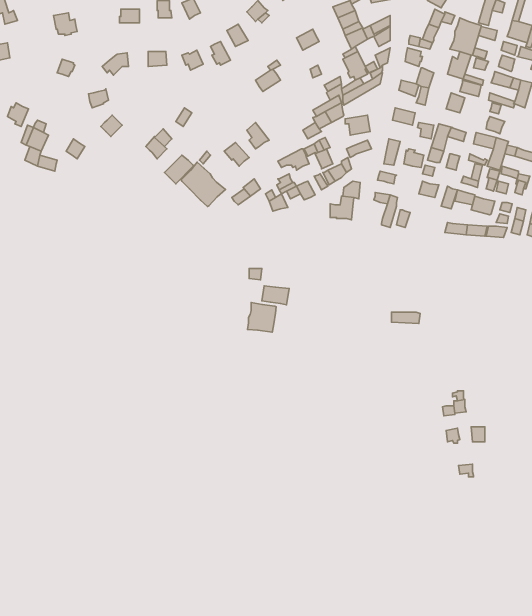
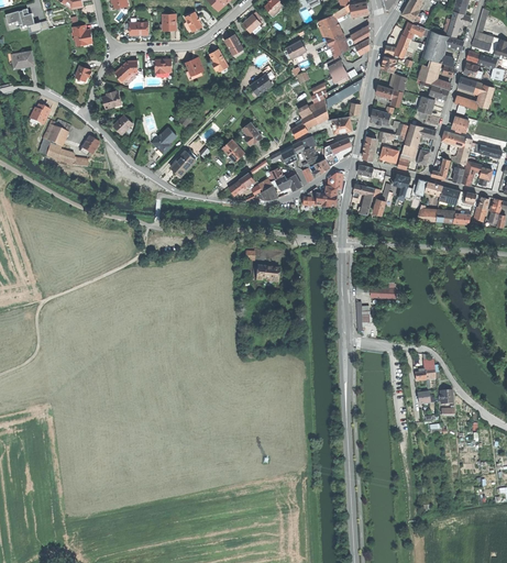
building: [181,162,225,207] -> none
building: [248,303,276,332] -> none

